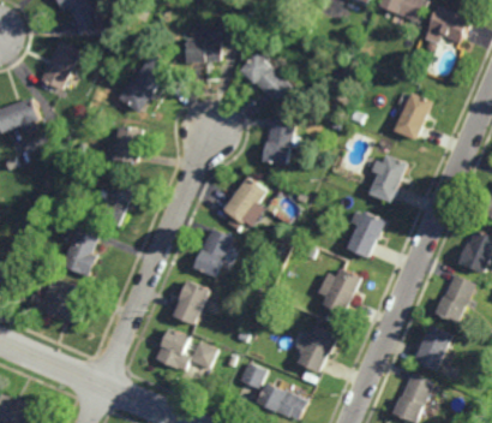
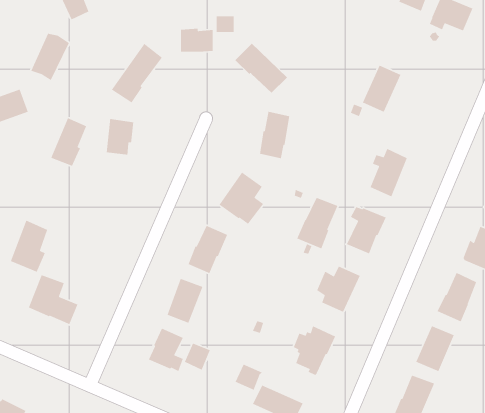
building: [394,91,432,138] -> [362,65,401,113]
building: [97,178,133,226] -> [50,117,87,167]
building: none -> [296,197,338,250]
building: [61,225,98,276] -> [10,220,48,273]

